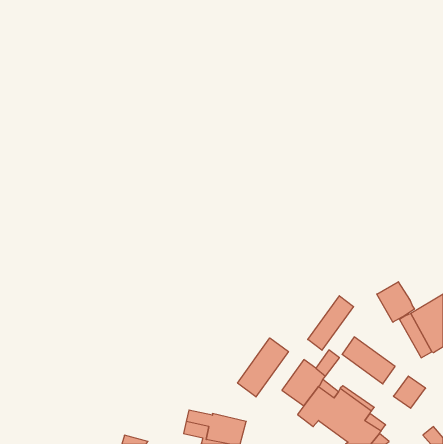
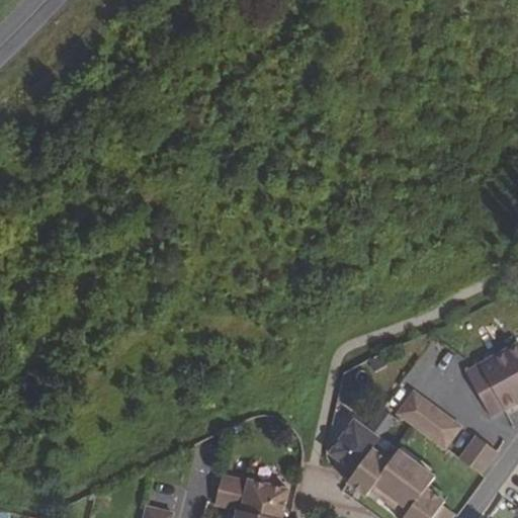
building: [377,282,414,322] -> none
building: [308,296,354,350] -> none
building: [238,338,288,397] -> none

